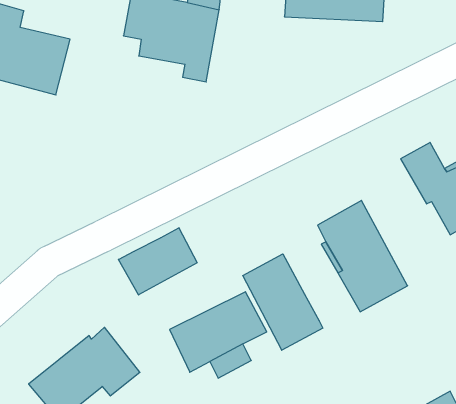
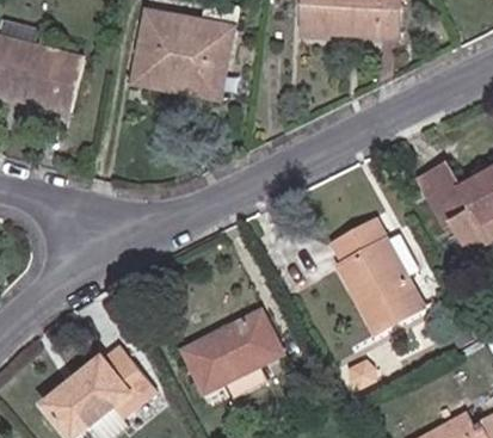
building: none -> [131,53,198,94]
building: [118,228,197,295] -> none
building: [243,254,323,350] -> none

